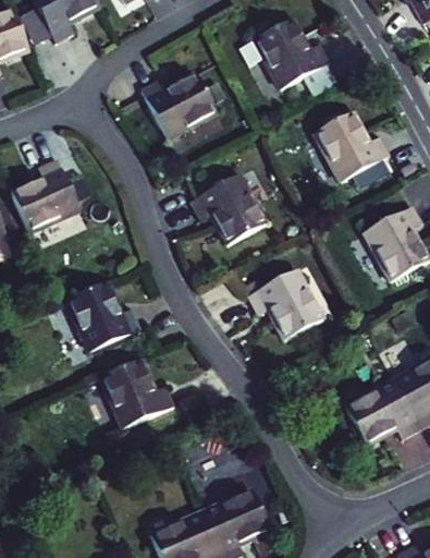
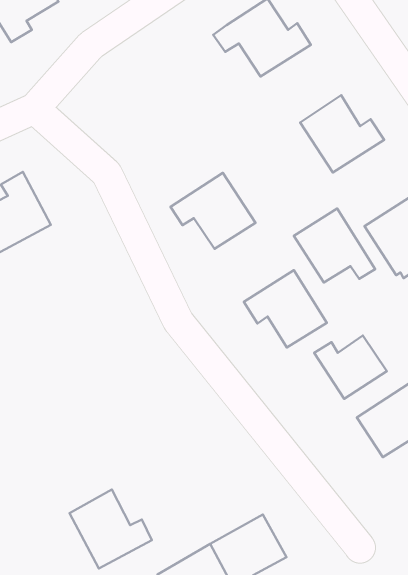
building: [140,74,214,138] -> none
building: none -> [294,209,375,283]
building: [65,281,138,350] -> none
building: none -> [314,336,387,399]
building: [99,356,172,427] -> [69,489,152,568]

